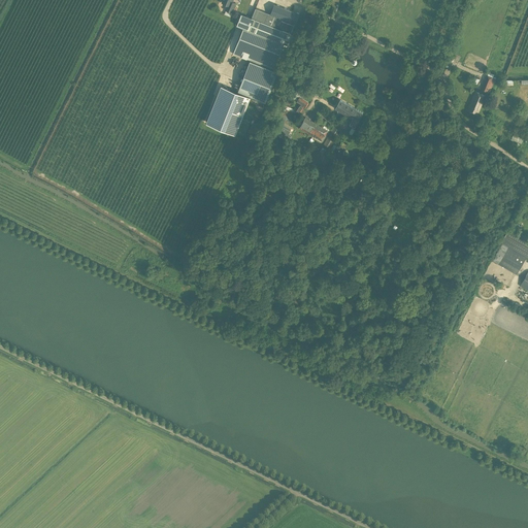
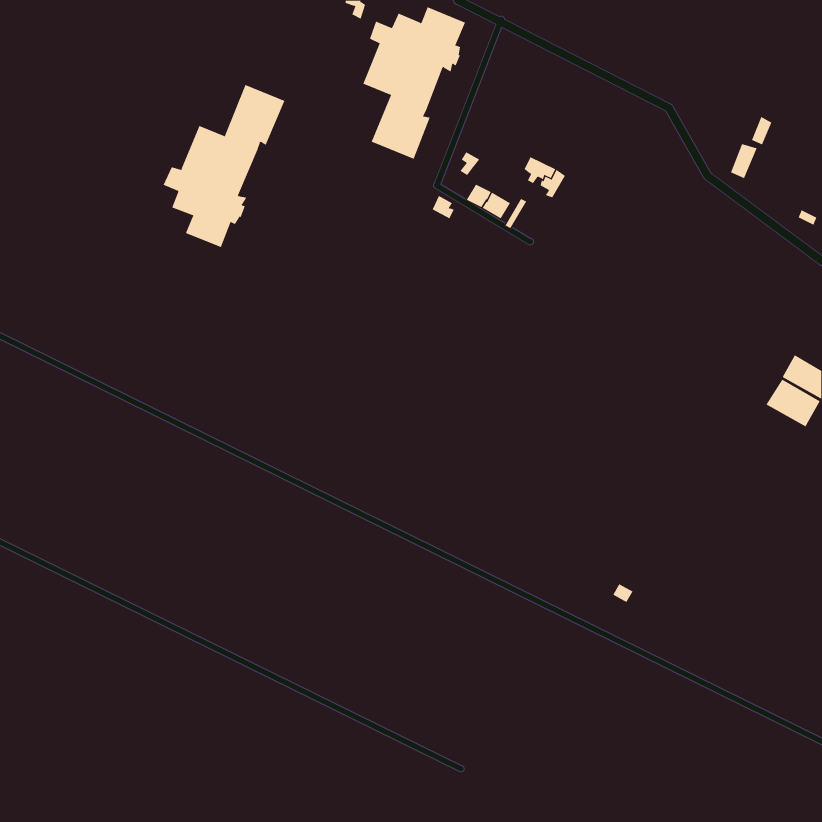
building: none -> [163,84,285,248]
building: [206,87,250,134] -> none

